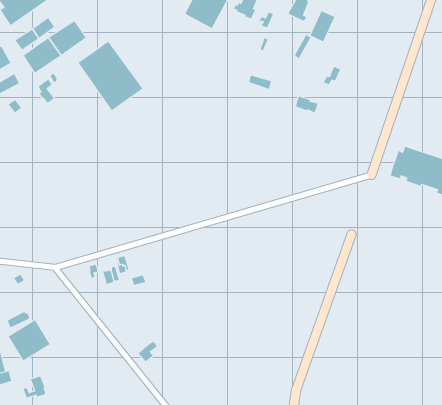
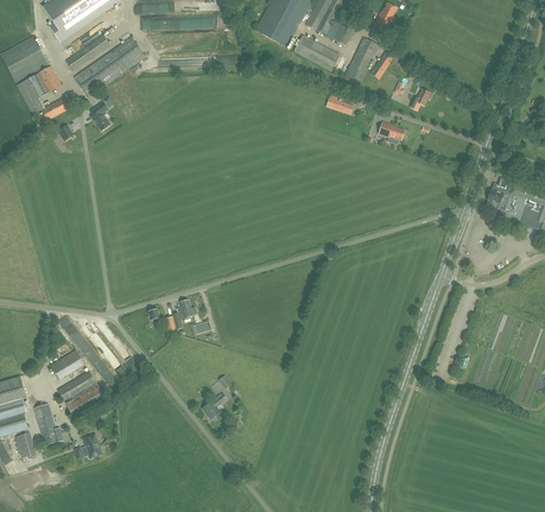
building: [310,10,335,42] -> [349,37,378,72]
building: none -> [293,34,338,70]
building: [78,41,143,111] -> none

